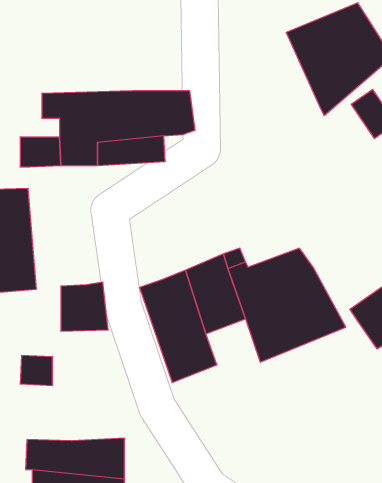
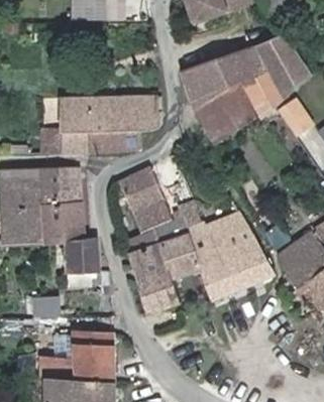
building: none -> [183,53,256,145]
building: none -> [118,167,172,234]
building: none -> [38,168,82,244]
building: none -> [71,336,110,357]

